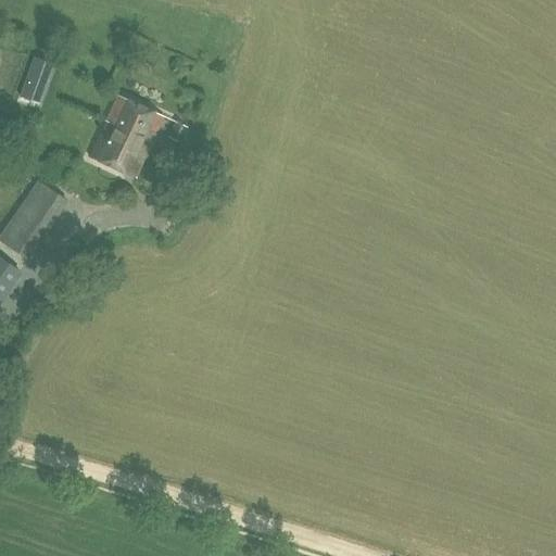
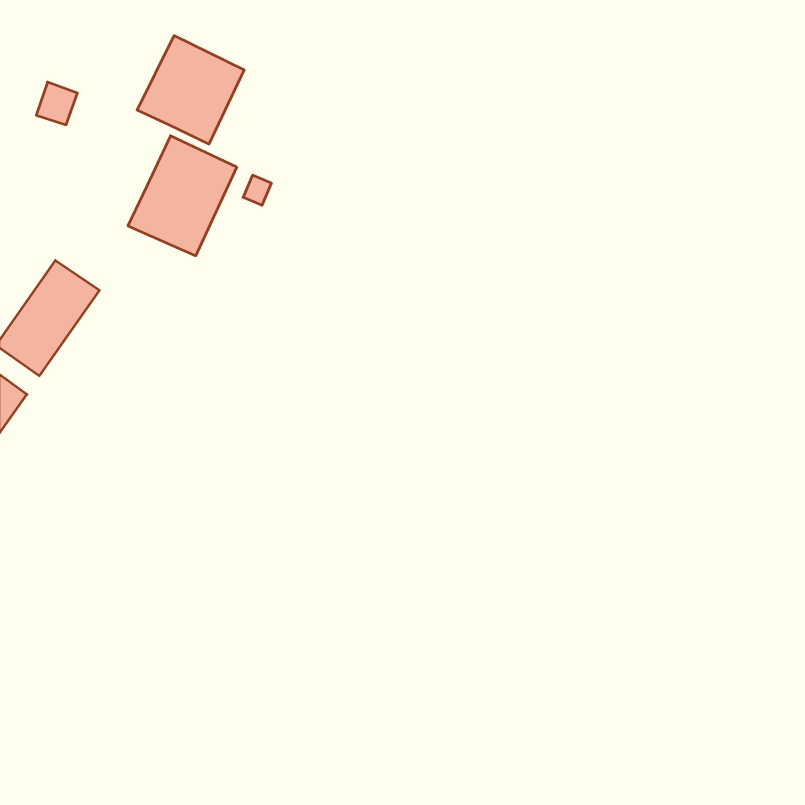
building: none -> [137,36,244,144]

